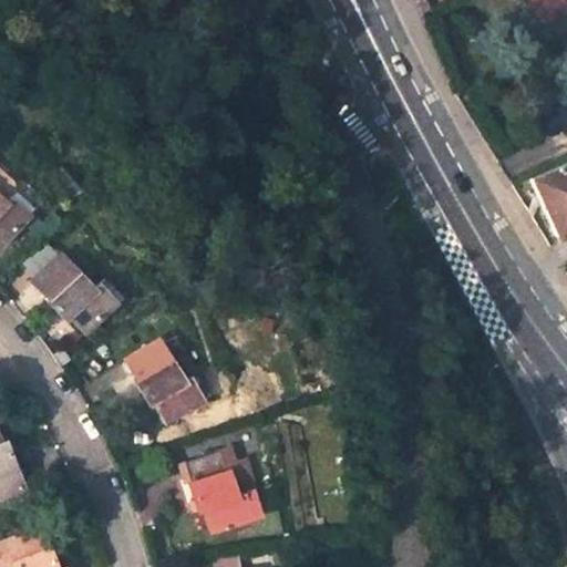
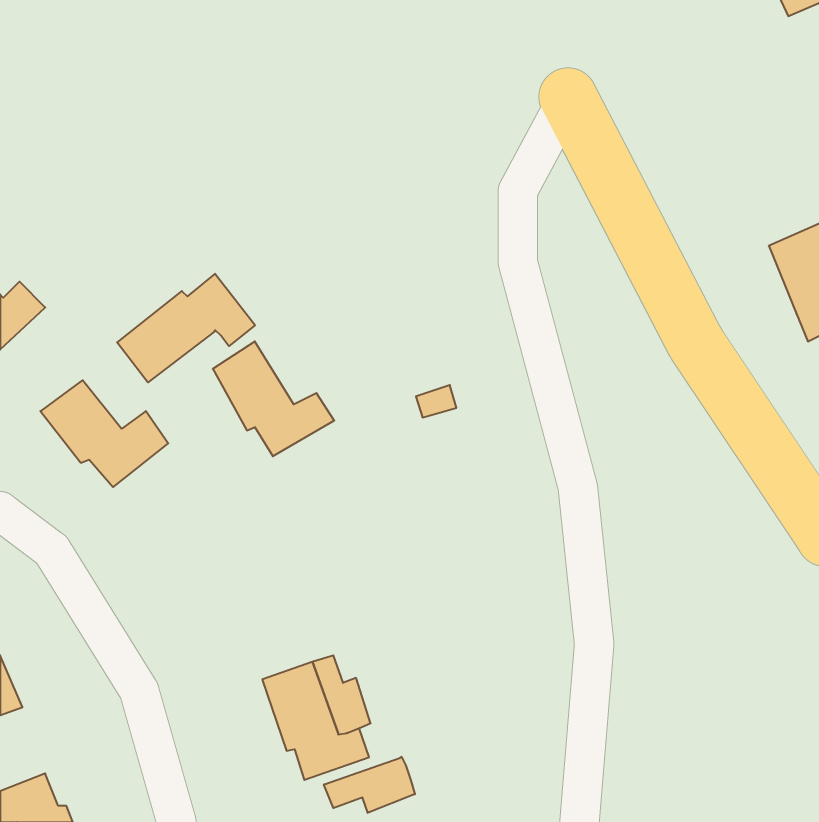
building: none -> [117,274,255,382]
building: [125,341,208,420] -> [213,341,334,456]
building: none -> [324,757,415,813]

